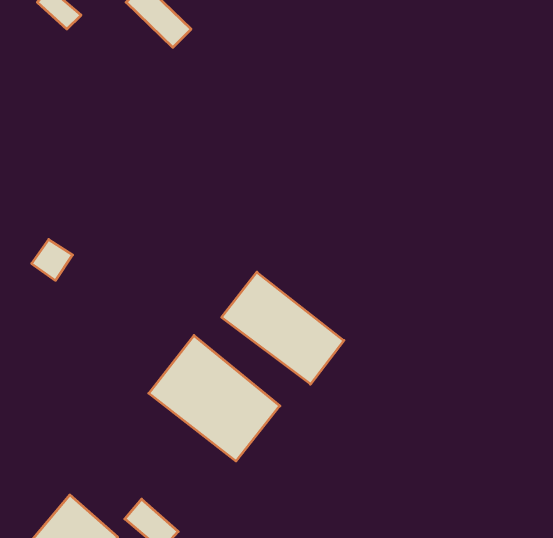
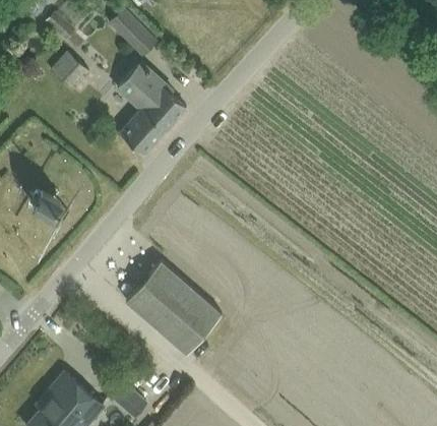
building: none -> [51,52,87,89]
building: none -> [116,62,186,155]
building: [222,272,344,384] -> none

